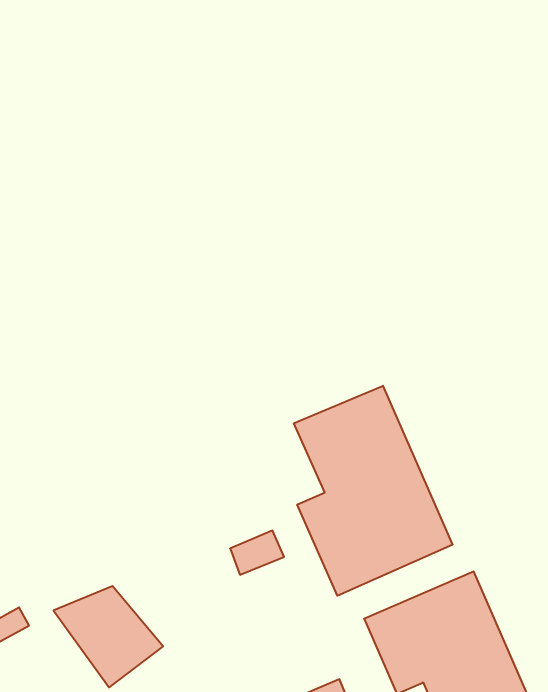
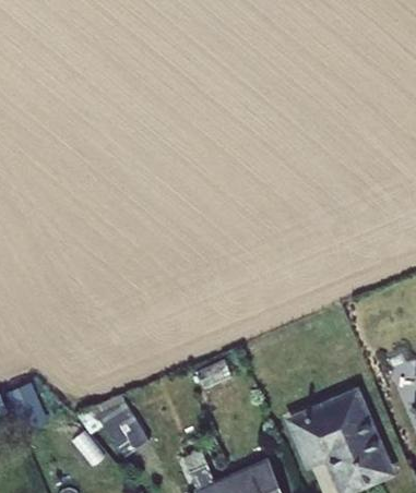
building: [294,386,453,596] -> none

